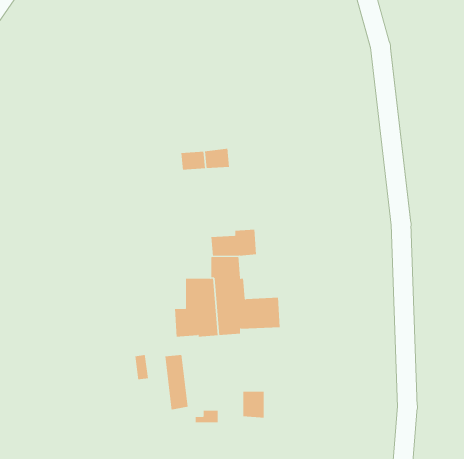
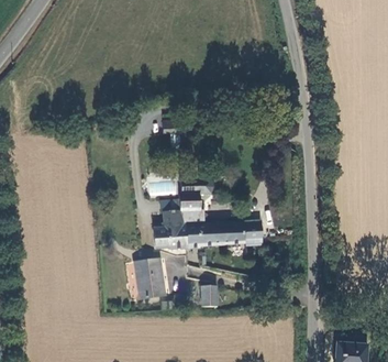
building: none -> [228,221,263,243]

